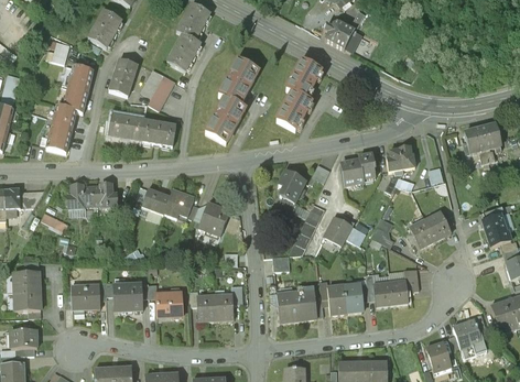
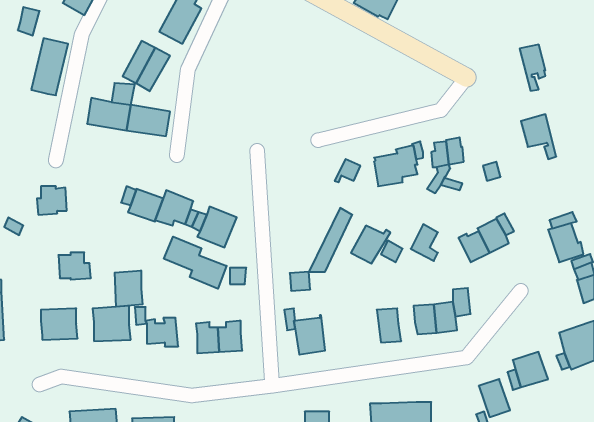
building: [108,56,138,95] -> none
building: [204,58,258,142] -> none
building: [277,58,319,129] -> none
building: [45,105,76,152] -> none
building: [479,123,500,161] -> [520,45,545,91]
building: [278,170,305,209] -> none
building: [90,184,117,206] -> [58,252,91,280]
building: none -> [164,237,227,289]
building: none -> [115,270,143,307]
building: [326,285,346,314] -> none
building: [297,286,316,318] -> none

